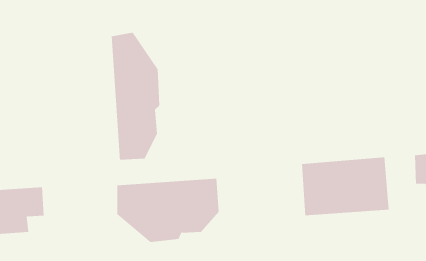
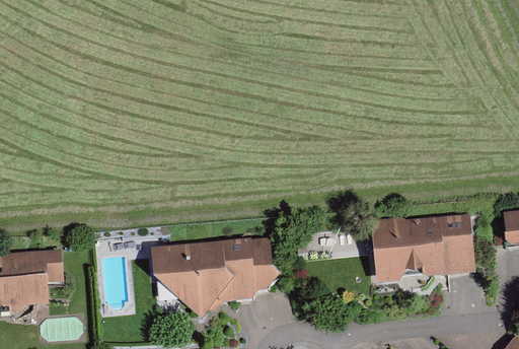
building: [111,32,160,161] -> none

